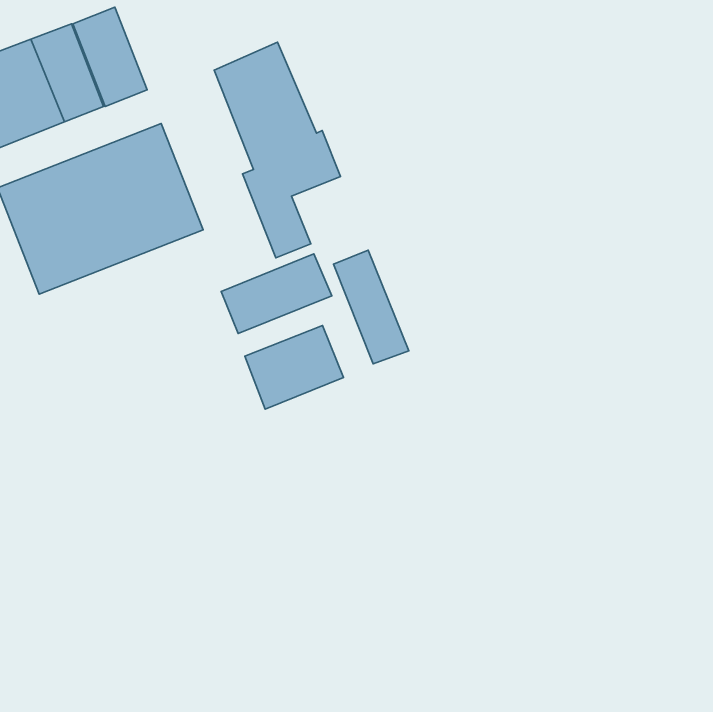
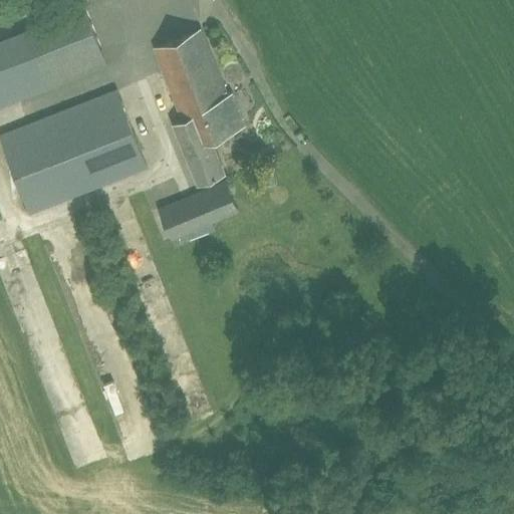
building: [333,250,409,364] -> none
building: [245,325,343,409] -> none

